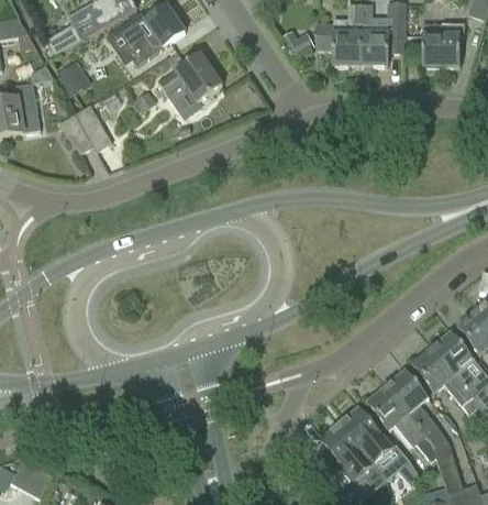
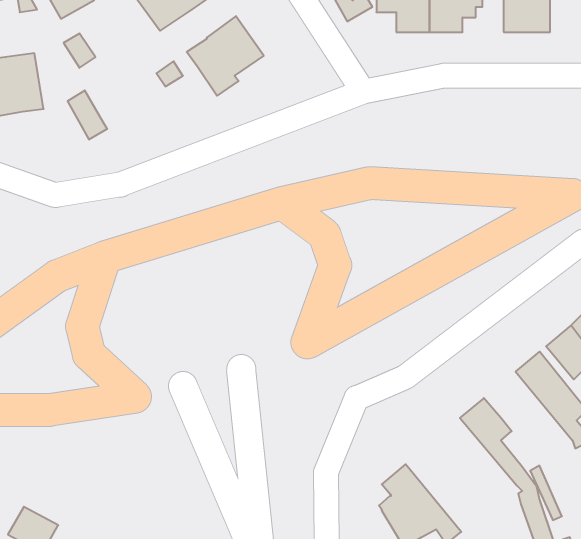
building: [75,103,112,151] -> none
building: [412,347,479,413] -> none
building: [367,385,437,461] -> none
building: [341,407,410,480] -> none

